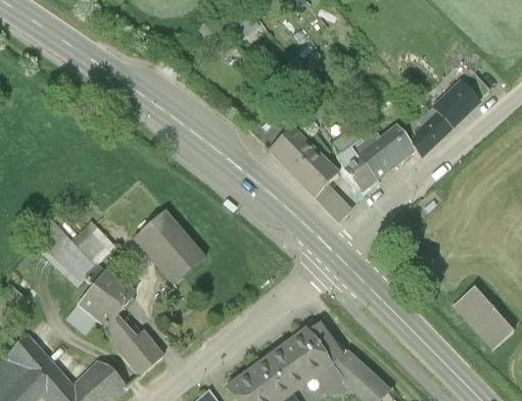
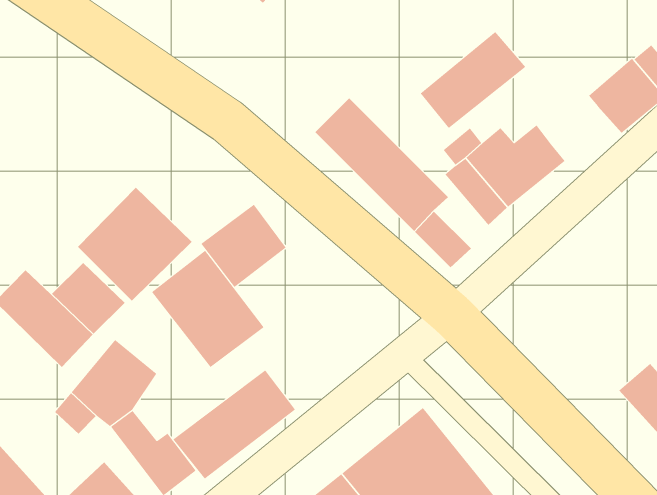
building: none -> [420,31,526,129]
building: [406,112,453,156] -> none
building: none -> [77,187,192,302]
building: none -> [200,204,287,288]
building: none -> [172,370,296,480]

